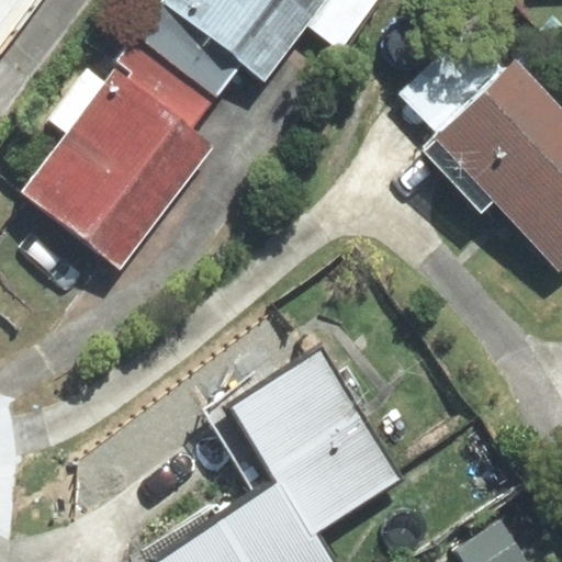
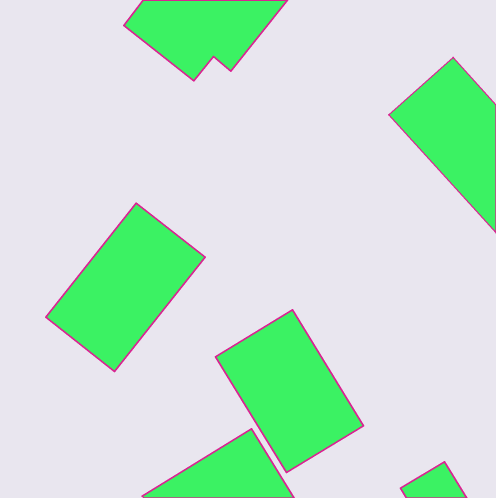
building: [21,43,214,265] -> none
building: none -> [46,203,205,371]

